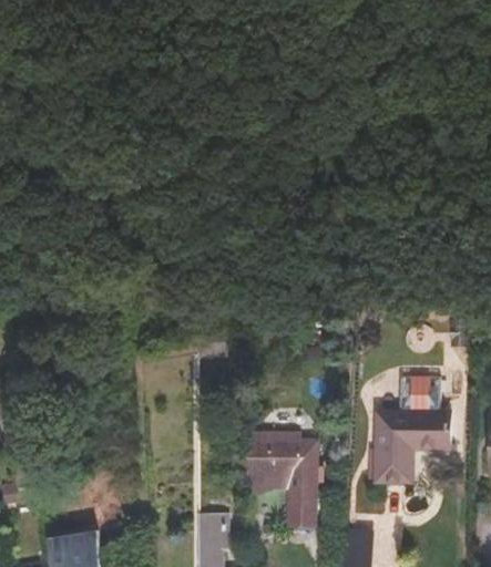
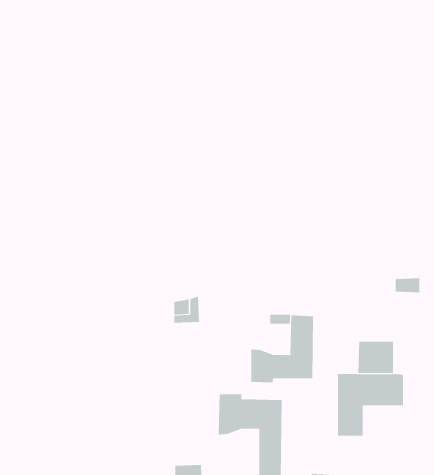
building: none -> [251,314,314,383]

